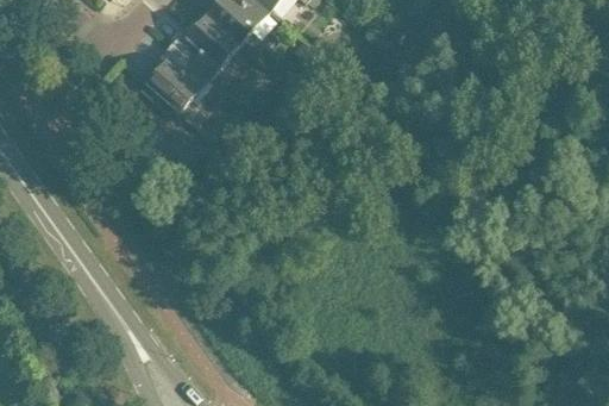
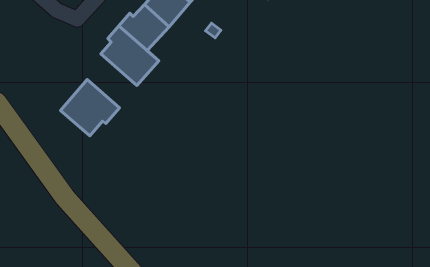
building: none -> [61,80,120,136]

